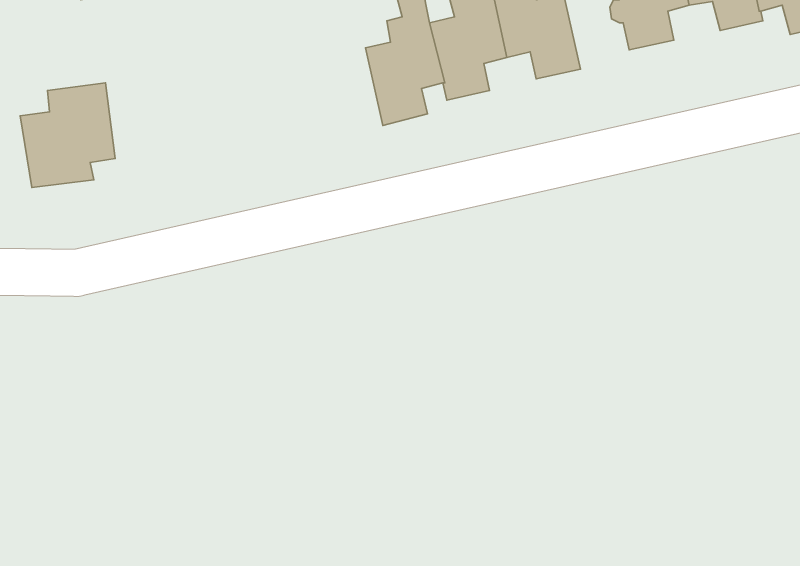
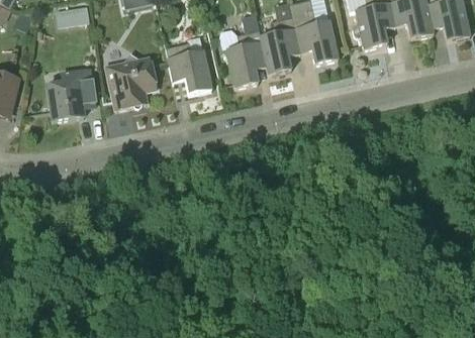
building: none -> [166,41,212,95]
building: none -> [106,53,157,111]

